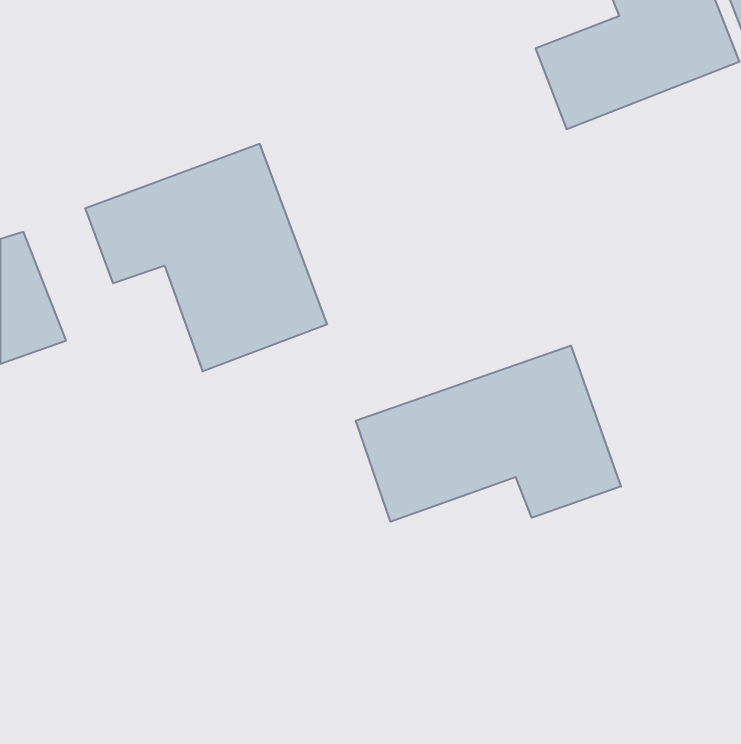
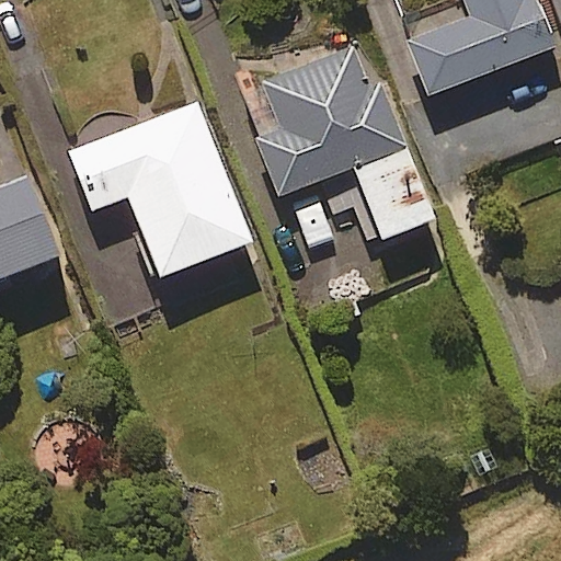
building: none -> [257,43,432,234]
building: [356,346,621,522] -> none

